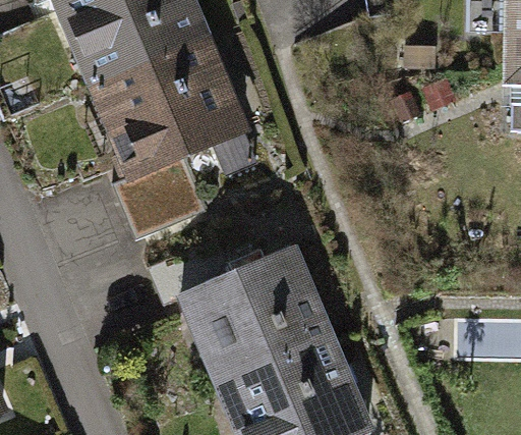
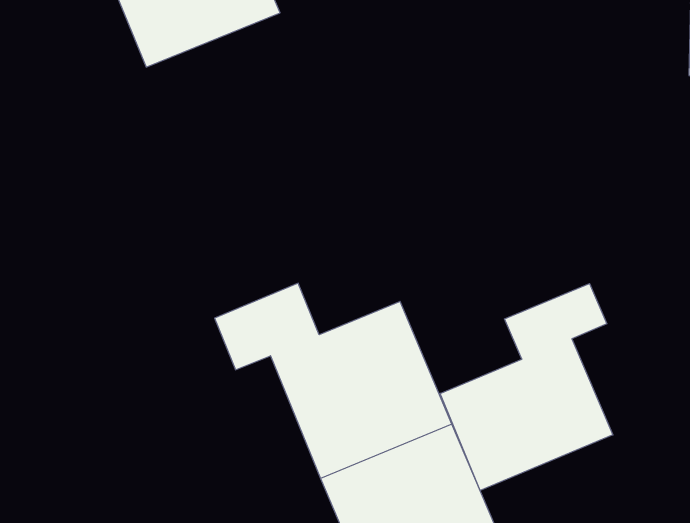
building: [111,44,259,221] -> none
building: none -> [440,284,613,490]

